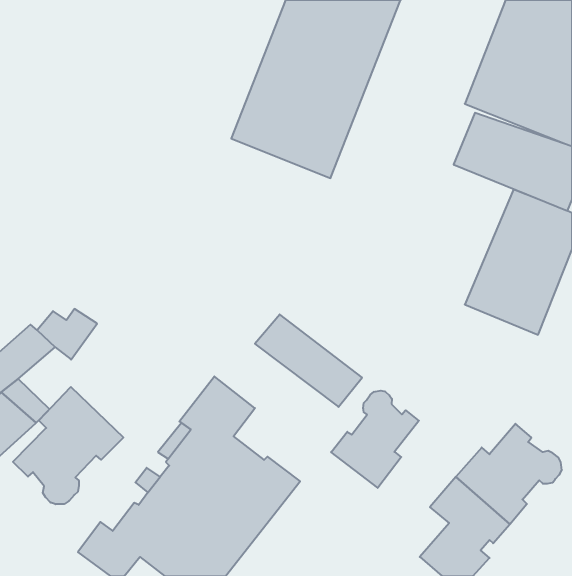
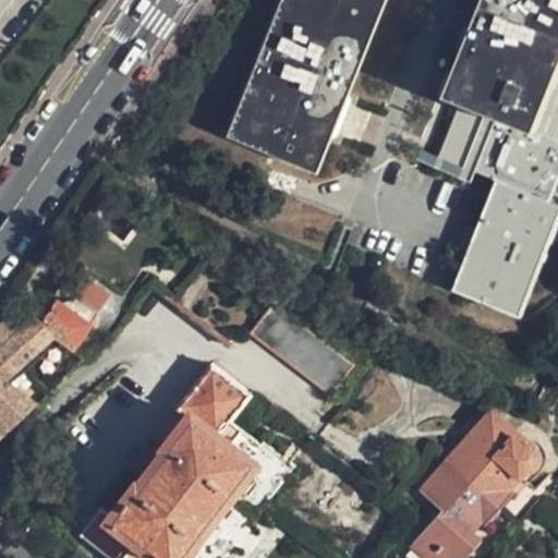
building: [13,387,123,504] -> none
building: [331,391,419,488] -> none

